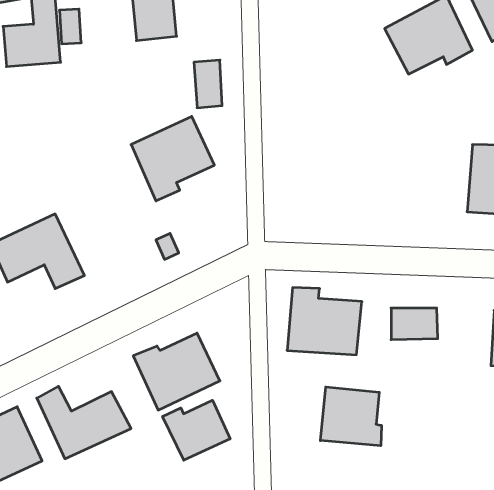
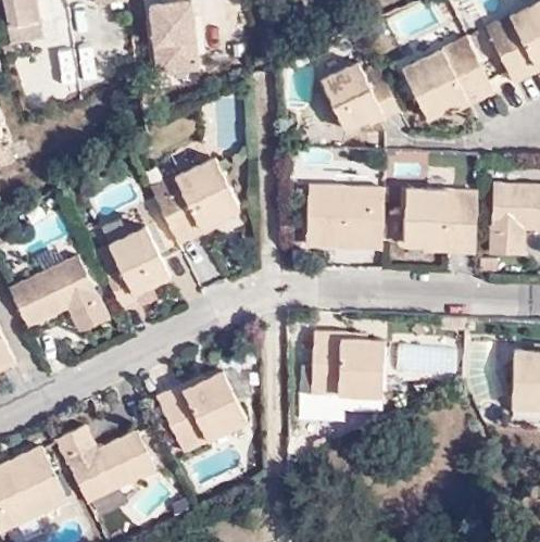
building: none -> [321,60,401,128]
building: none -> [303,187,388,247]
building: none -> [403,189,479,255]
building: none -> [105,226,165,304]
building: [320,387,381,446] -> none
building: [163,400,230,460] -> none

